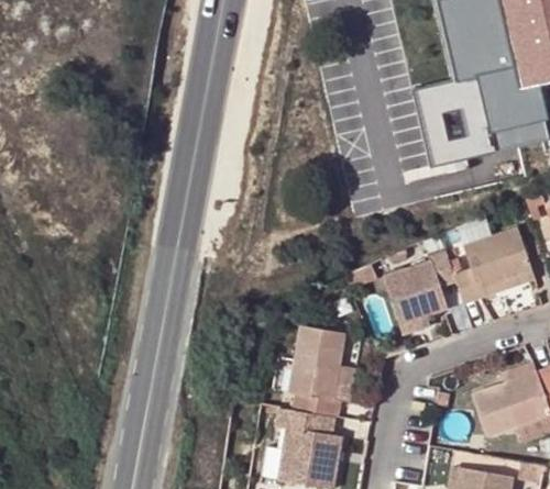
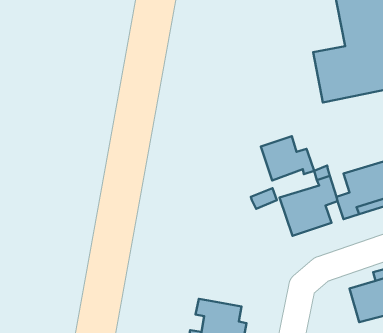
building: none -> [261,136,314,180]
building: [288,323,345,415] -> none

